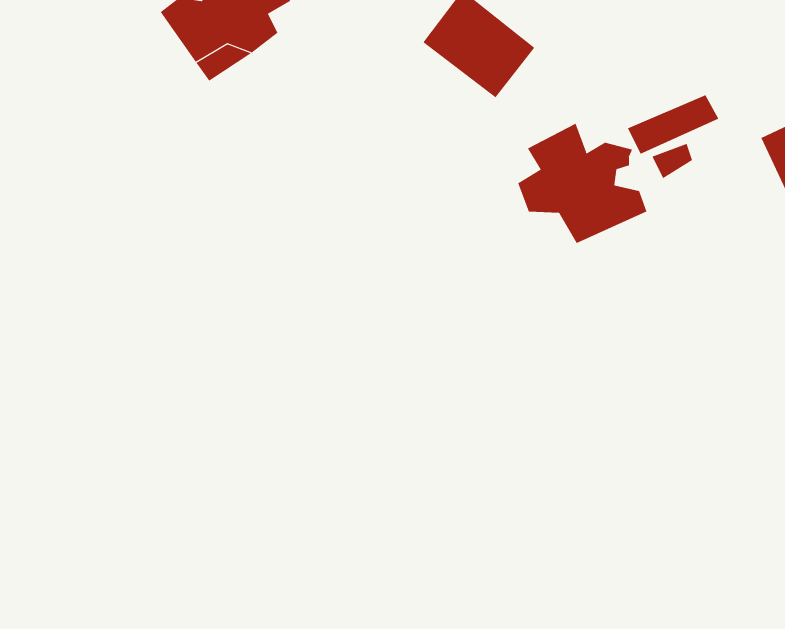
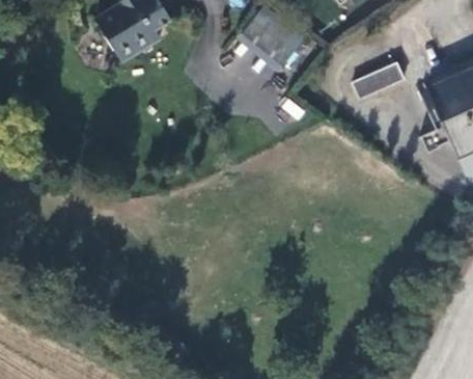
building: [517,123,647,244] -> none

